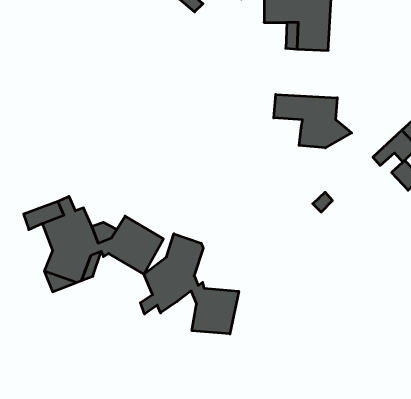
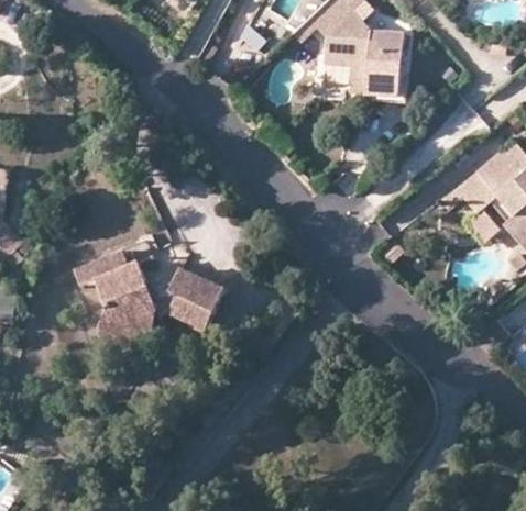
building: [274,94,352,148] -> none
building: [140,234,239,334] -> none

